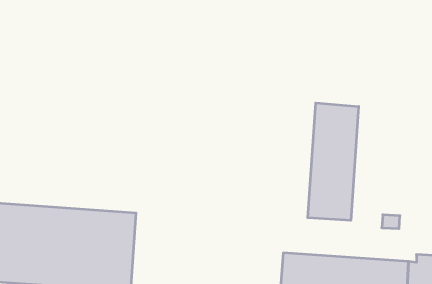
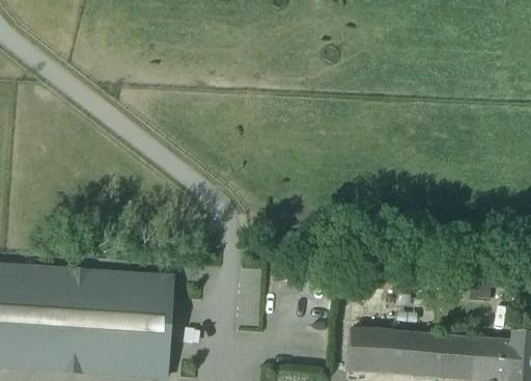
building: [308,103,359,220] -> none

